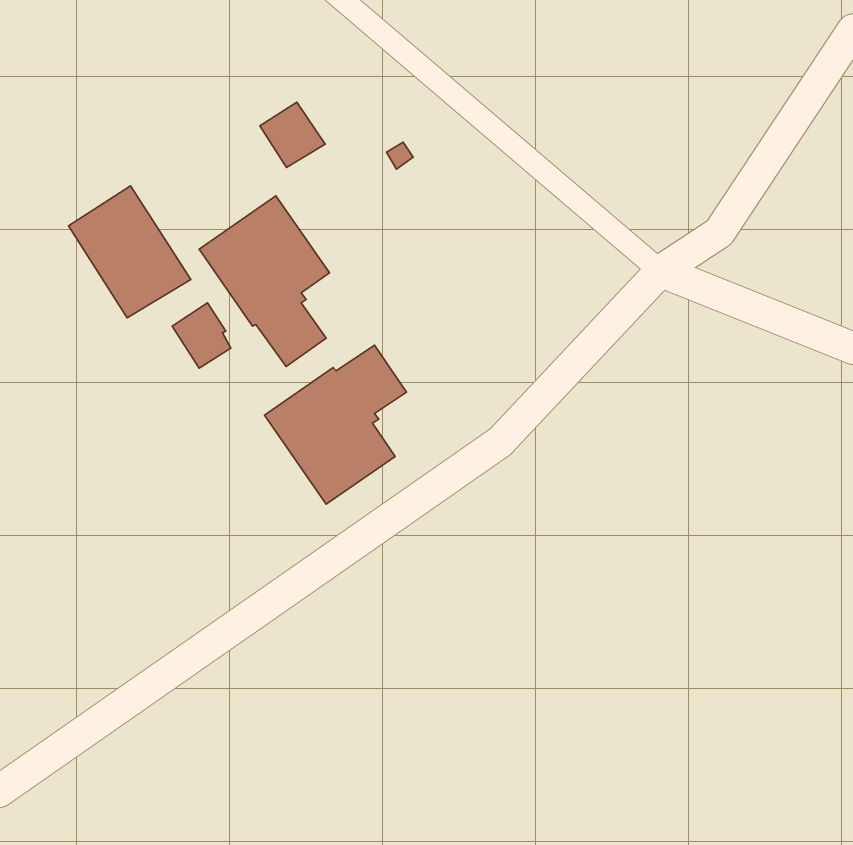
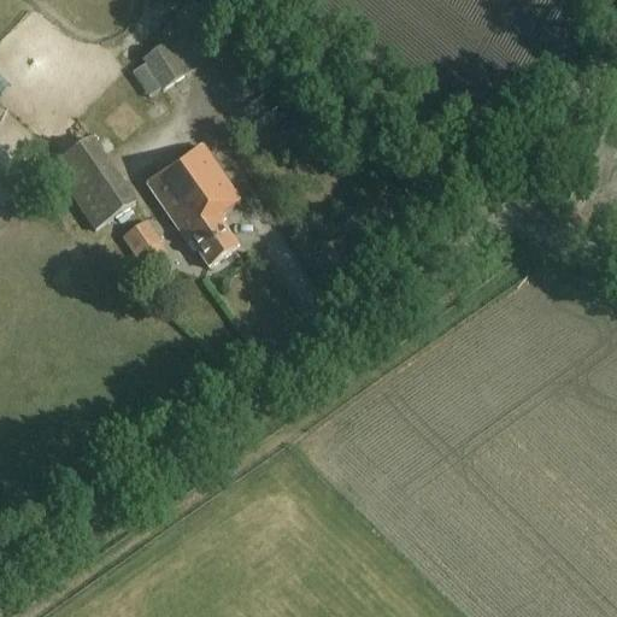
building: [260,102,325,168] -> [142,41,189,88]
building: [264,345,407,504] -> none

